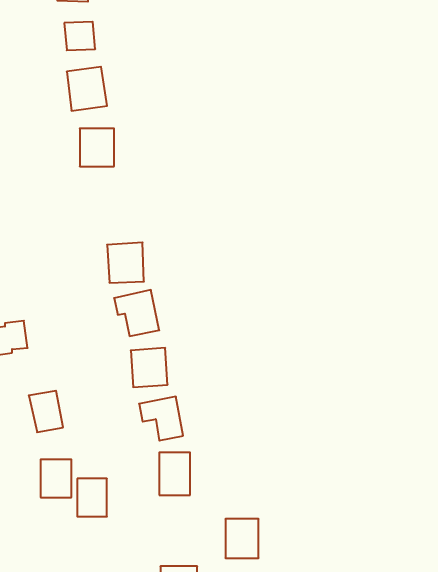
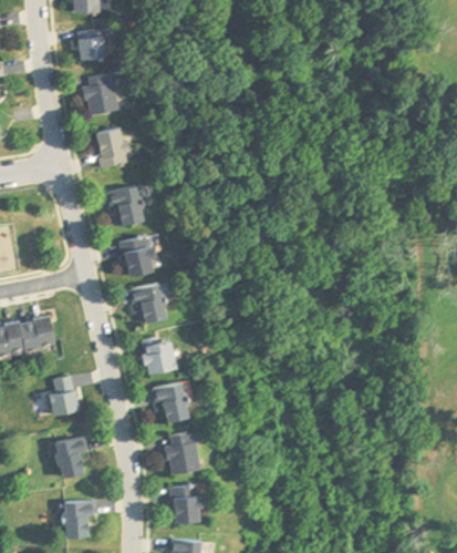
building: none -> [106,186,144,228]
building: [77,479,107,517] -> [64,503,92,539]
building: [225,519,259,558] -> [170,488,201,524]

